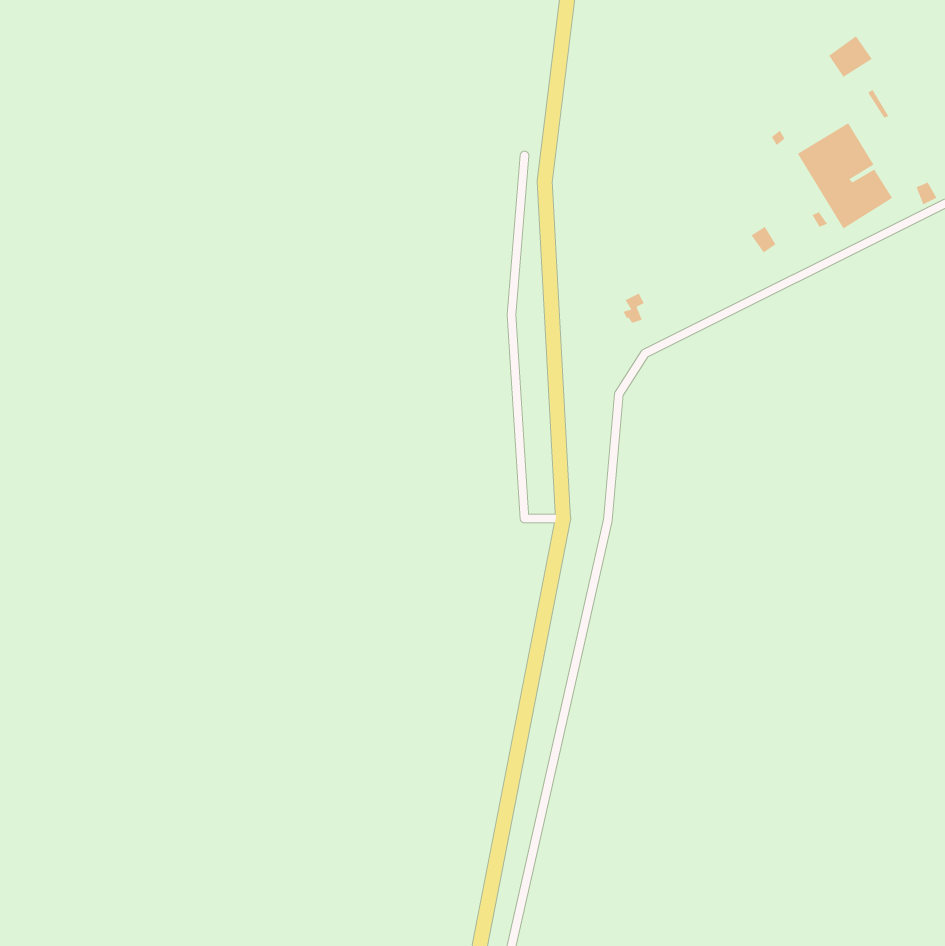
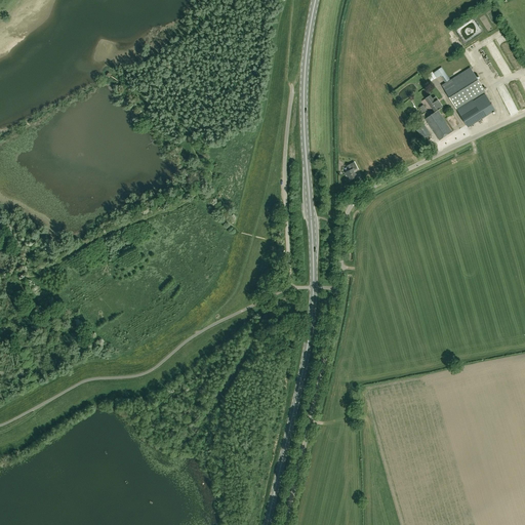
building: none -> [425,95,451,140]

